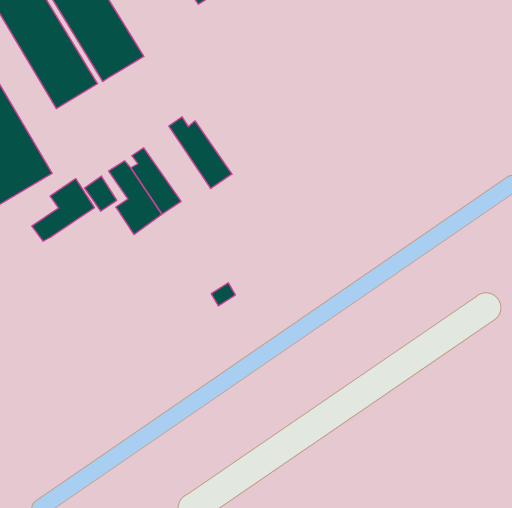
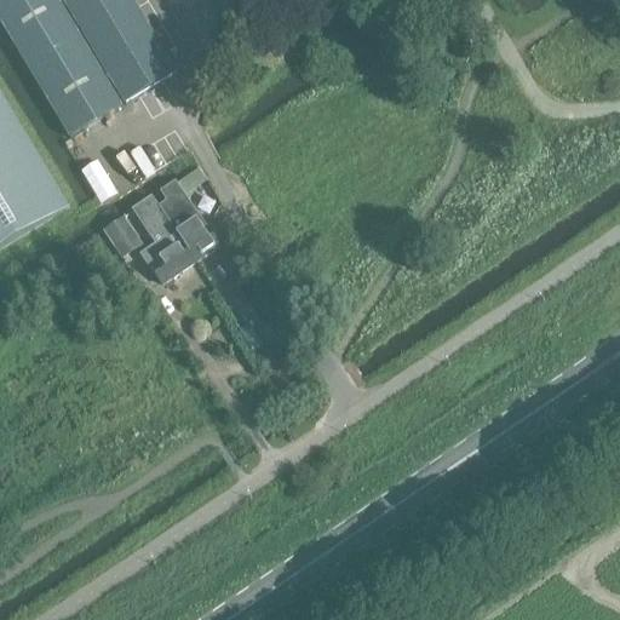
building: [169,117,232,189] -> none
building: [32,179,94,241] -> none

